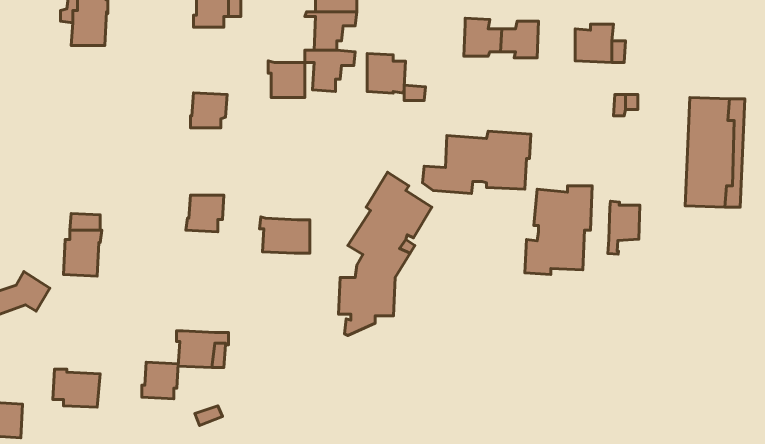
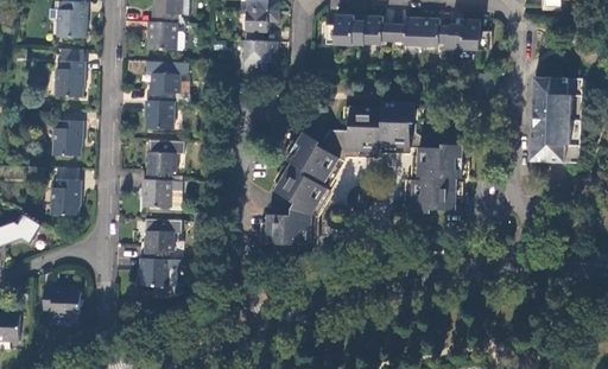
building: none -> [419,17,449,46]
building: [367,53,405,93] -> [334,13,363,44]
building: none -> [55,47,84,96]
building: [268,61,305,97] -> [147,20,176,49]
building: none -> [145,100,173,128]
building: none -> [55,117,83,154]
building: [608,201,640,254] -> none
building: [259,217,310,253] -> [141,178,180,206]
building: [142,362,178,399] -> [144,230,172,259]

